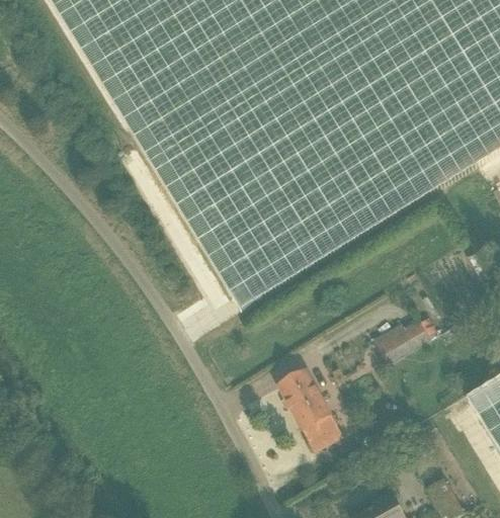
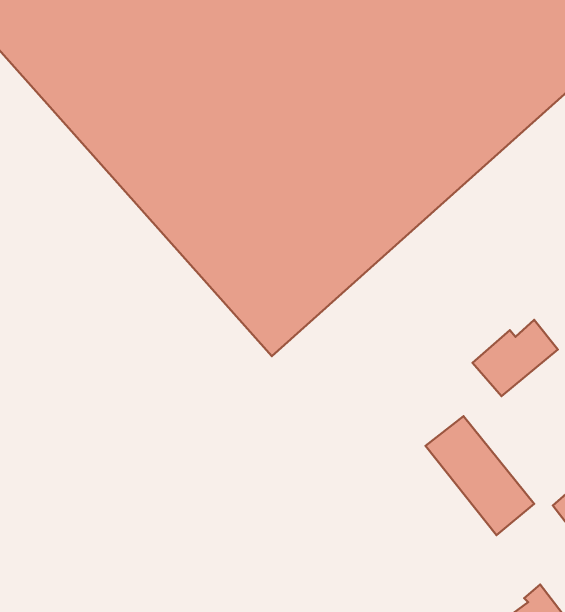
building: [278,366,343,448] -> [426,416,534,535]

